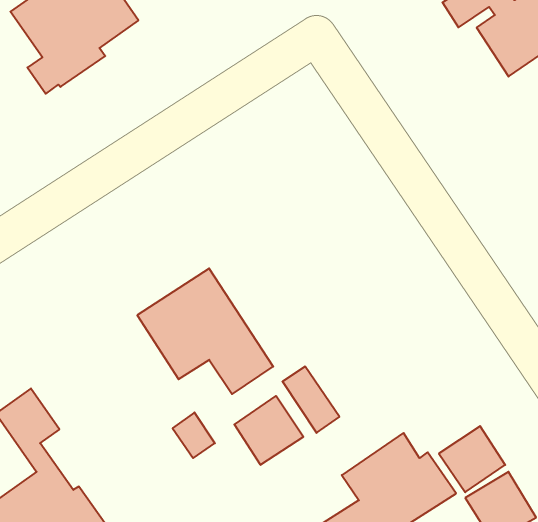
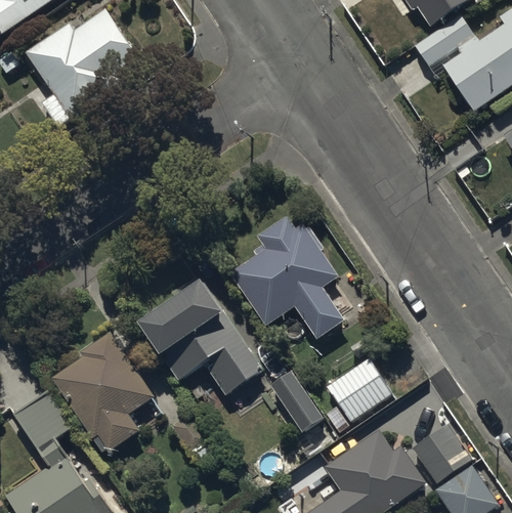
building: none -> [229,216,342,339]
building: none -> [52,332,155,456]
building: none -> [327,358,390,420]
building: [234,396,303,465] -> none

